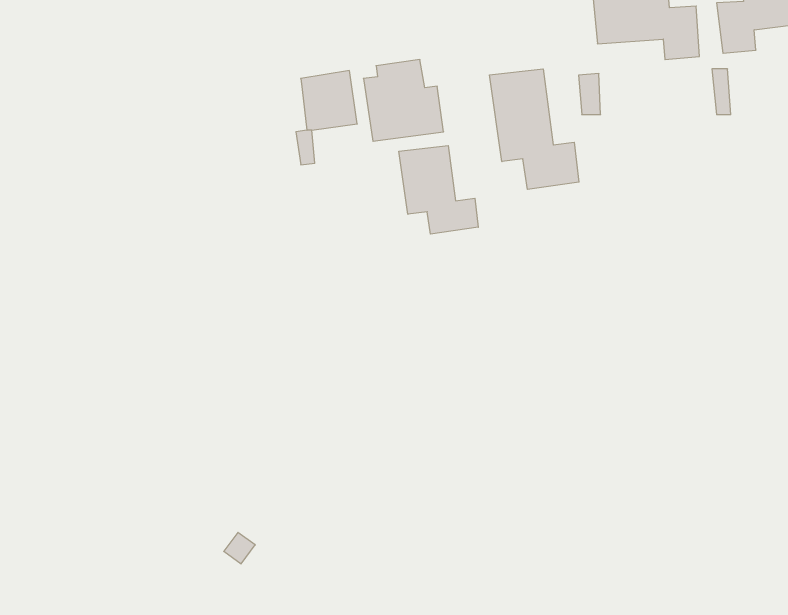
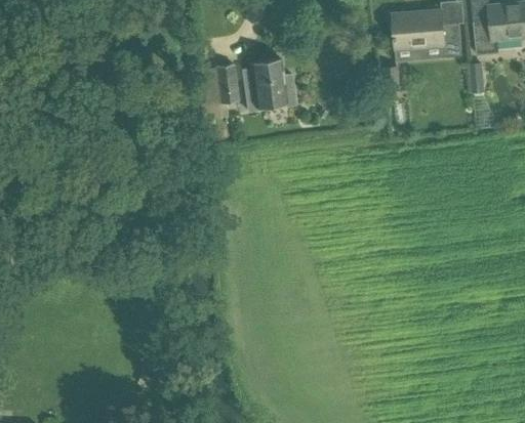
building: [490,69,579,189] -> none
building: [399,146,478,234] -> none

